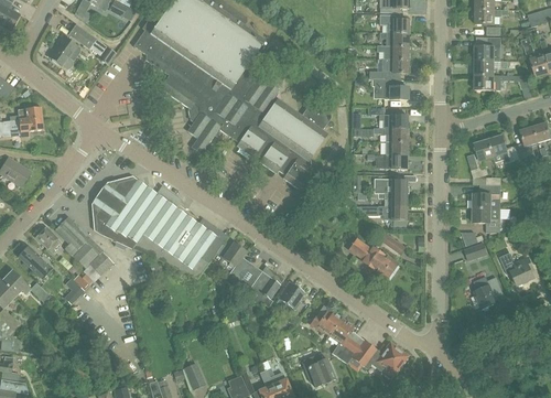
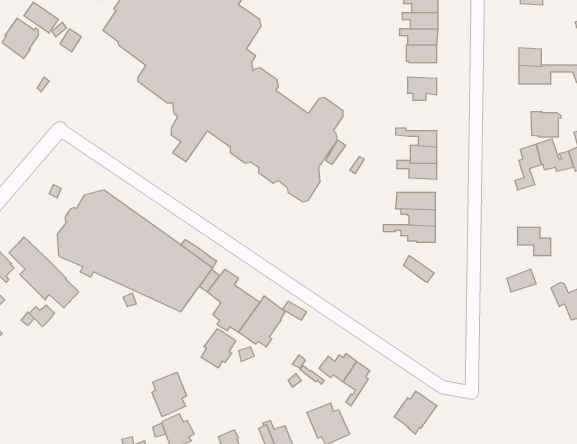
building: [474,35,500,61] -> none
building: [370,105,407,128] -> none
building: none -> [531,111,561,137]
building: [473,183,500,207] -> none
building: [349,238,397,277] -> none
building: [472,276,504,309] -> none
building: [274,281,303,313] -> [201,329,236,368]
building: none -> [152,372,187,417]
building: [336,331,379,369] -> none

